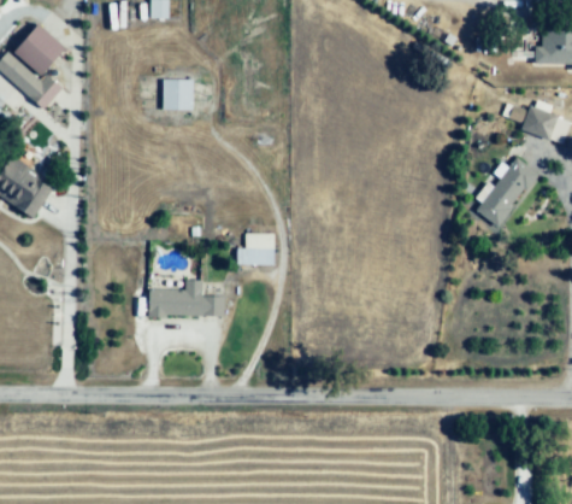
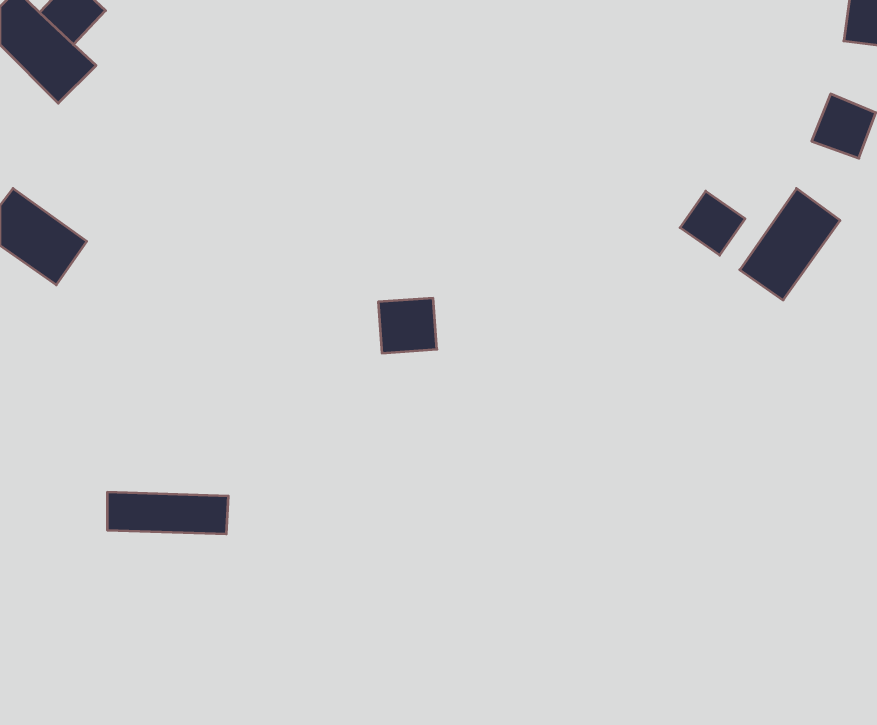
building: [160,75,193,111] -> none
building: none -> [680,191,745,255]
building: [148,288,225,315] -> [107,492,228,534]

